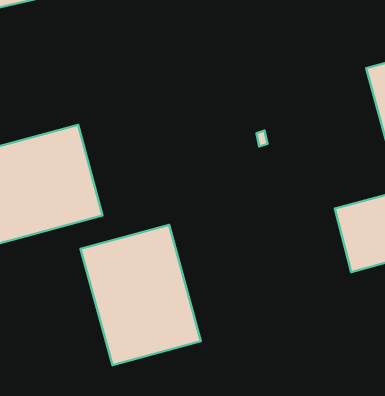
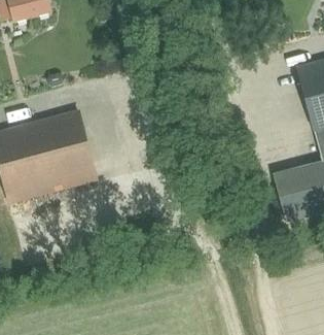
building: [81,225,201,365] -> none

